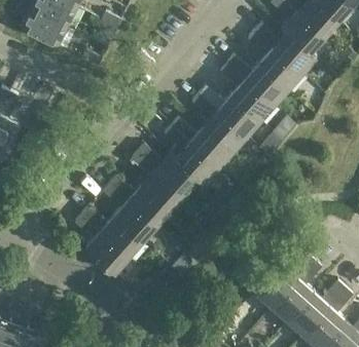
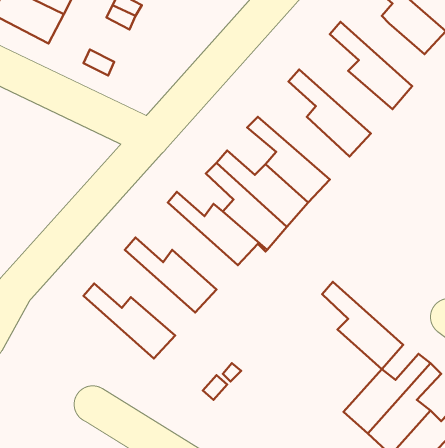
building: [253,26,316,76] -> none
building: [225,56,288,108] -> none
building: [198,88,259,139] -> none
building: [130,154,184,213] -> [322,282,403,369]
building: [102,186,155,243] -> none
building: [73,217,128,275] -> none

